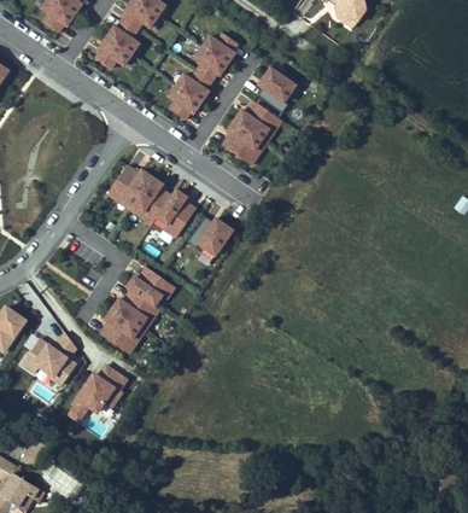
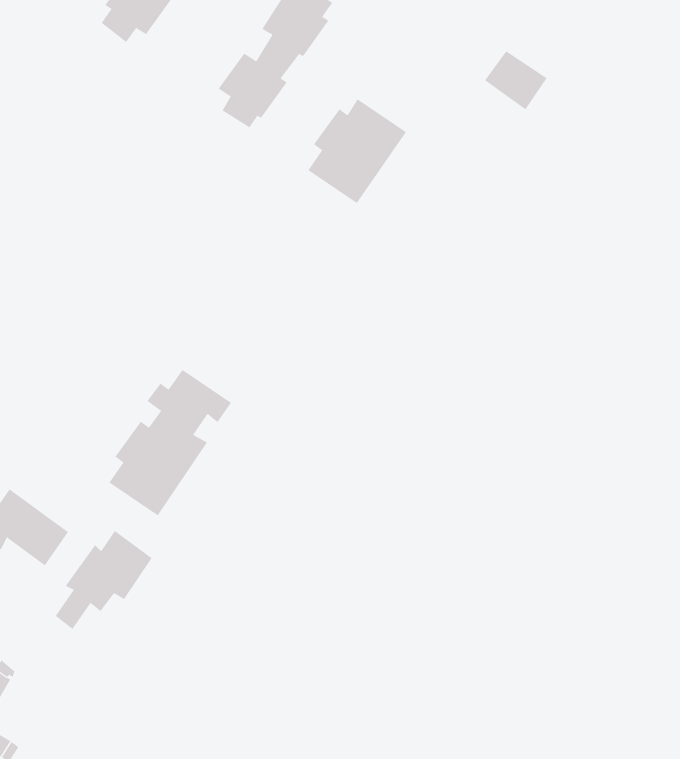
building: [257,66,296,103] -> [484,50,548,110]
building: [106,165,195,239] -> none
building: [195,215,234,256] -> none

